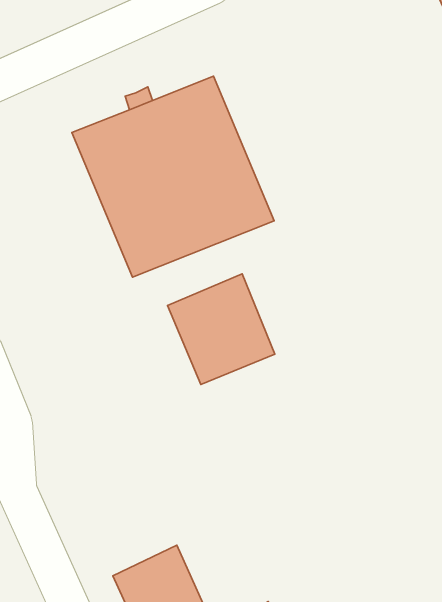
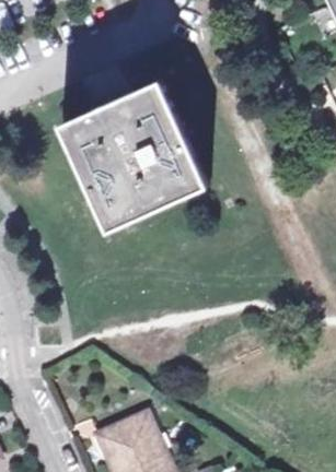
building: [168,274,275,385] -> none

